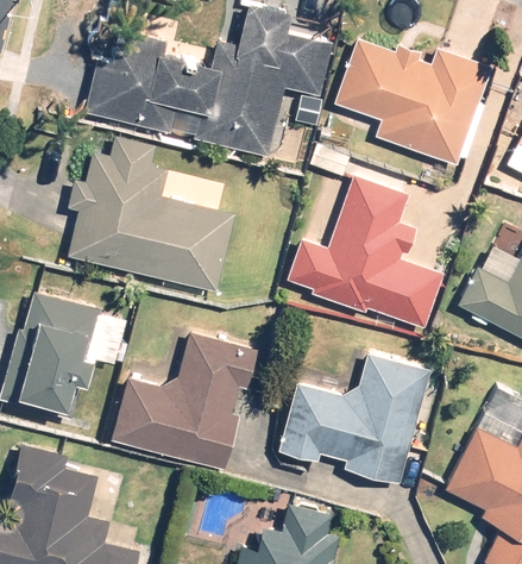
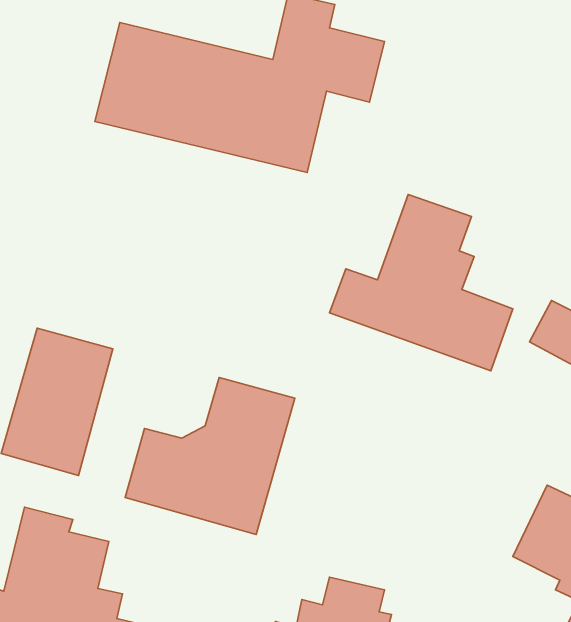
building: [335,39,490,165] -> none
building: [69,137,234,290] -> none
building: [281,353,430,483] -> none

